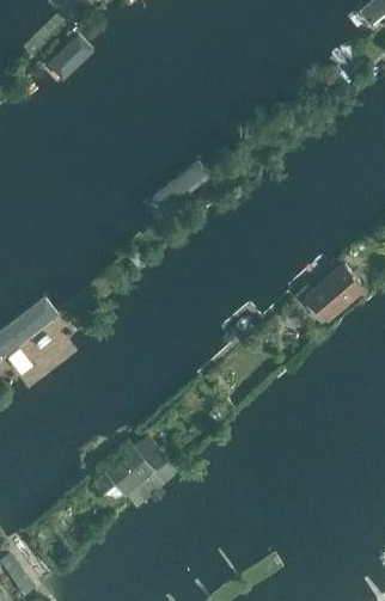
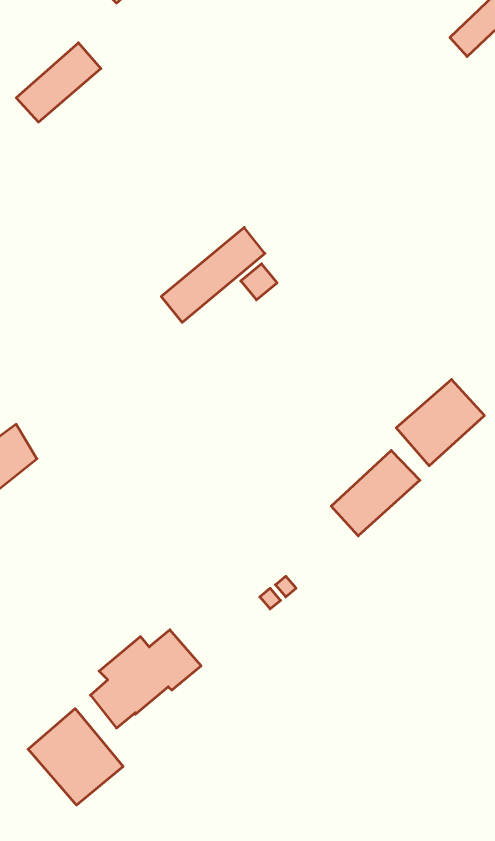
building: none -> [331,450,420,536]
building: none -> [28,709,123,805]

